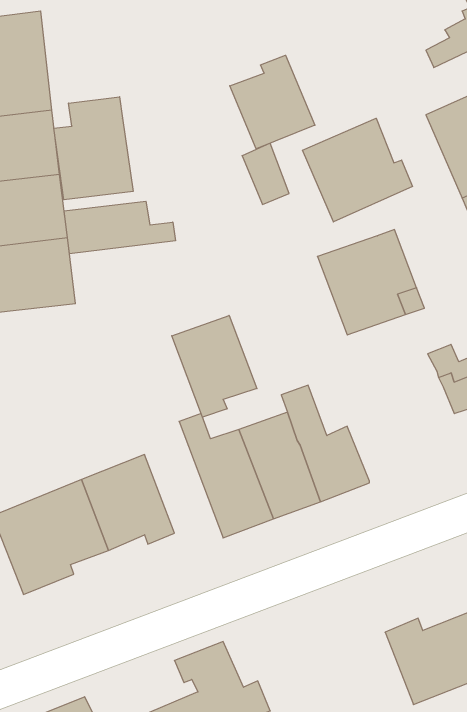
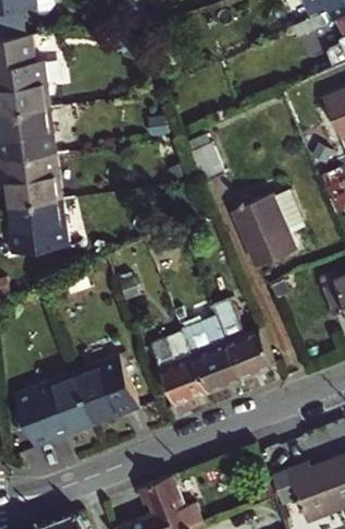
building: [230,55,315,149] -> none
building: [54,97,133,200] -> none
building: [303,118,413,222] -> none
building: [64,201,175,254] -> none
building: [172,315,257,417] -> none

